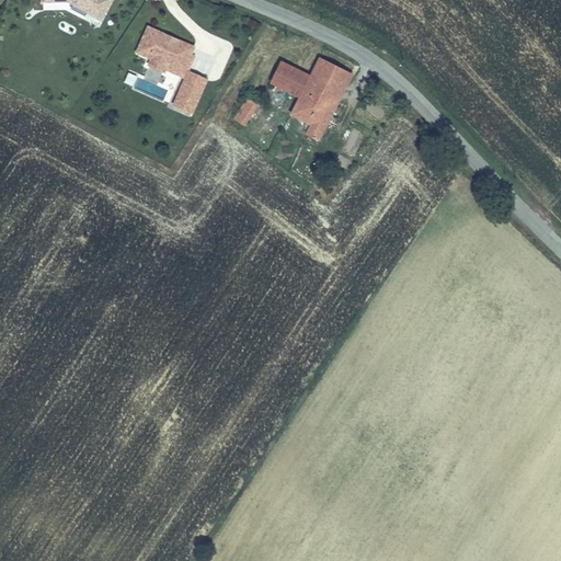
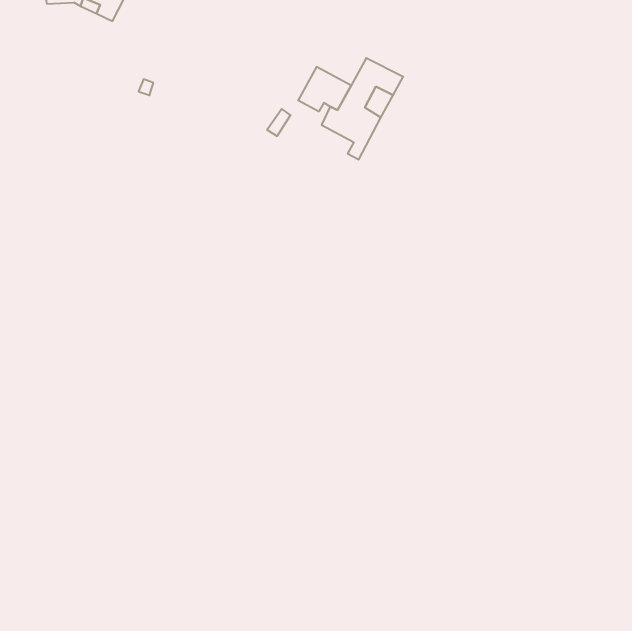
building: [136,27,192,72] -> none
building: [178,68,208,107] -> none

